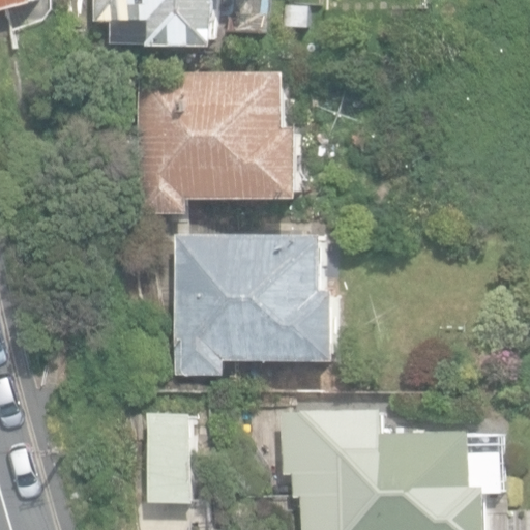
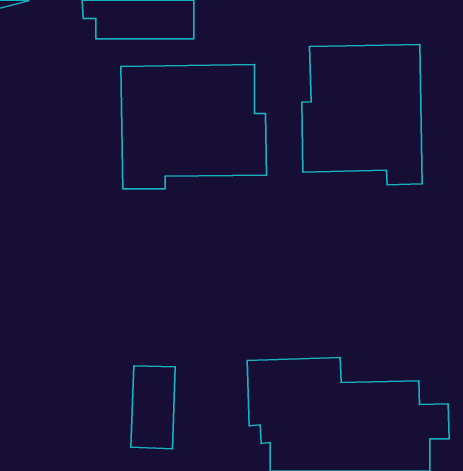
building: none -> [302,45,422,185]
building: [172,236,335,378] -> none

